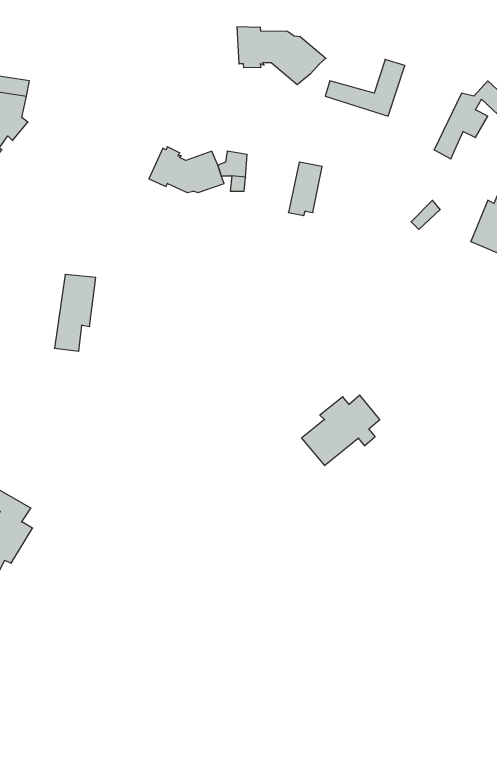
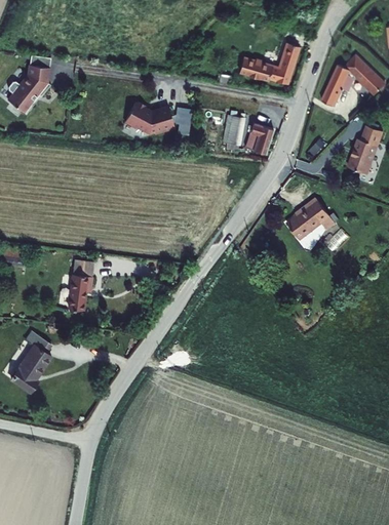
building: [237,27,326,85] -> none
building: none -> [248,124,274,149]
building: [54,275,96,351] -> [70,258,98,310]
building: [302,395,380,466] -> [280,197,333,244]

